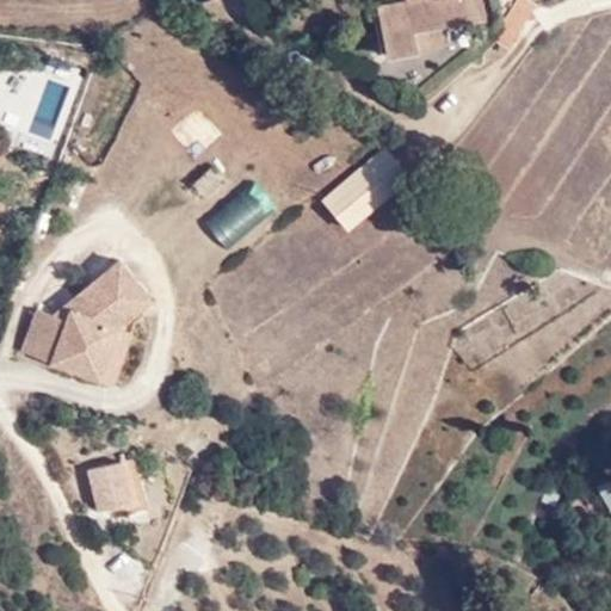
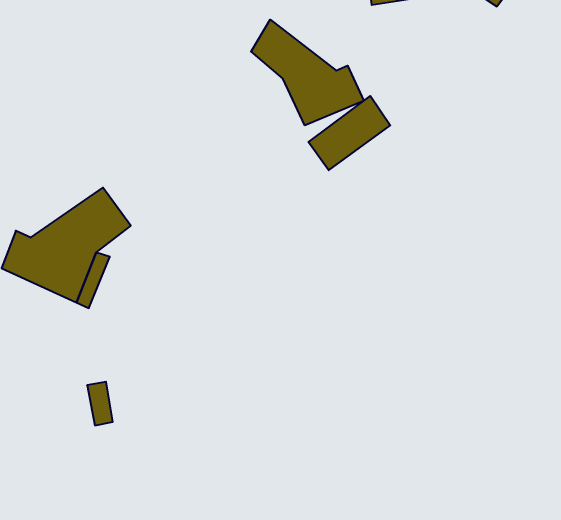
building: none -> [251,20,364,125]
building: [91,465,126,513] -> none

